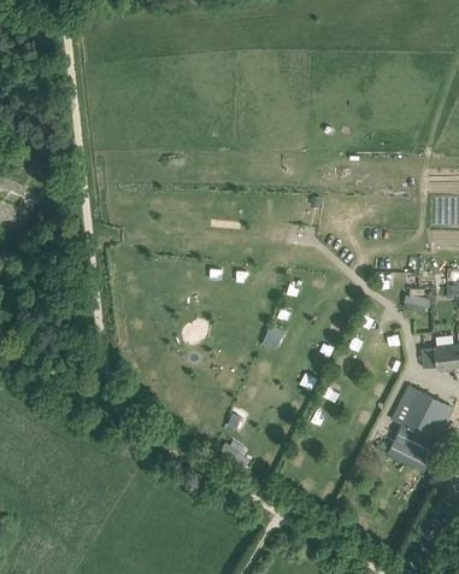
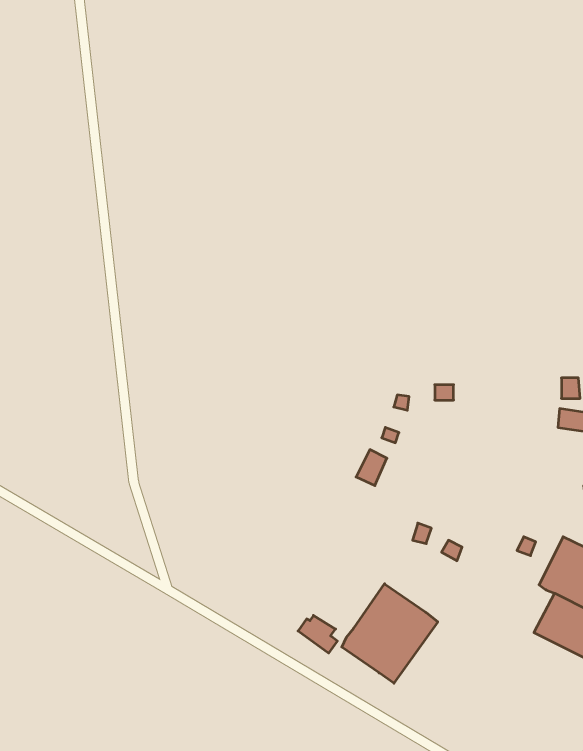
building: none -> [342,584,438,683]

